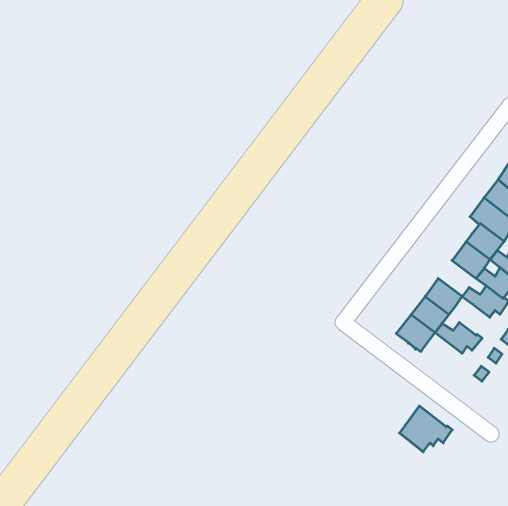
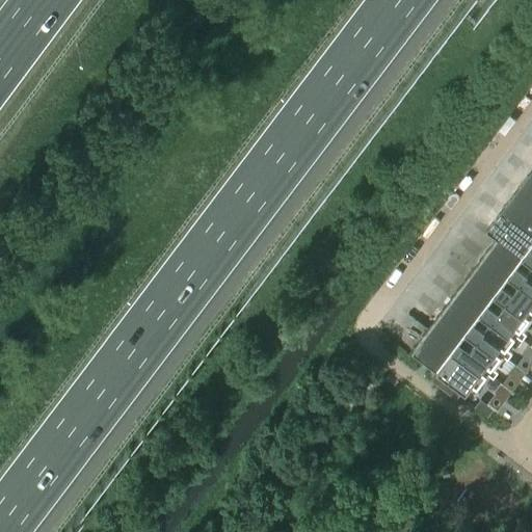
building: none -> [458,275,498,313]
building: none -> [470,321,518,353]
building: [399,406,452,452] -> [434,350,489,398]

